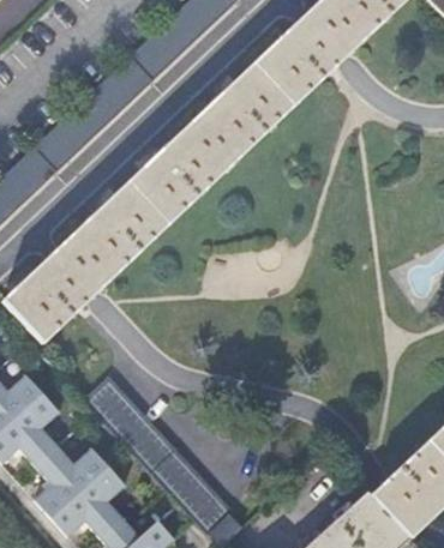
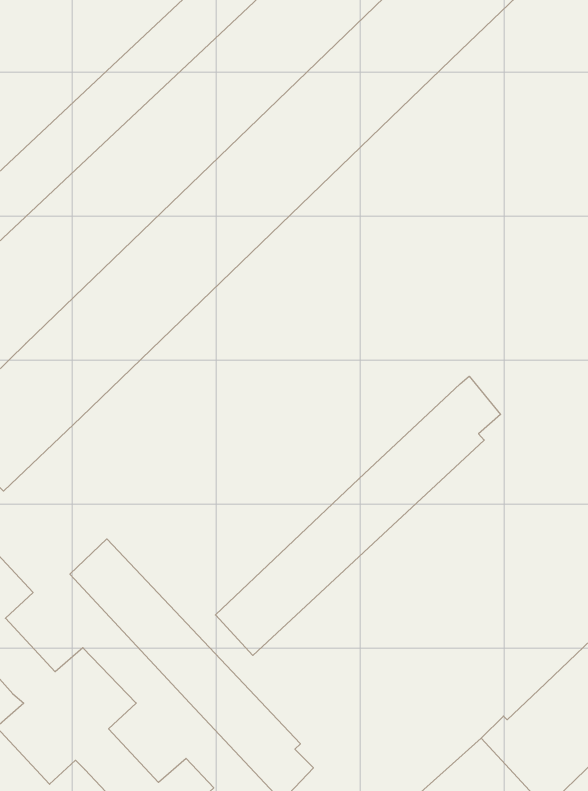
building: none -> [215,376,501,655]

